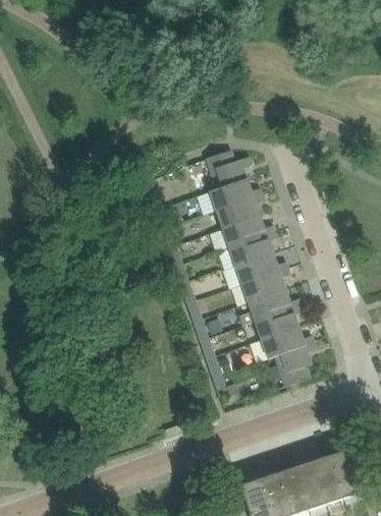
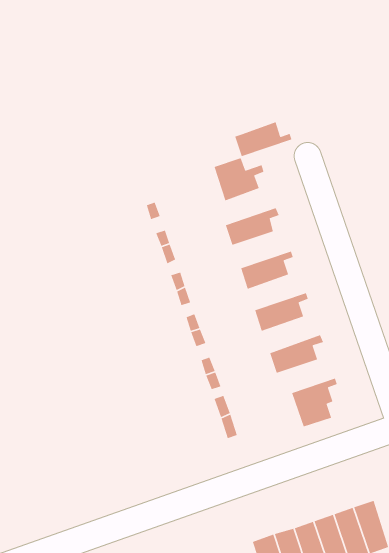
building: [211,178,262,210] -> [234,121,293,157]
building: [223,216,275,247] -> none
building: [236,253,288,284] -> none
building: [239,290,301,326] -> none
building: [262,328,314,359] -> none

